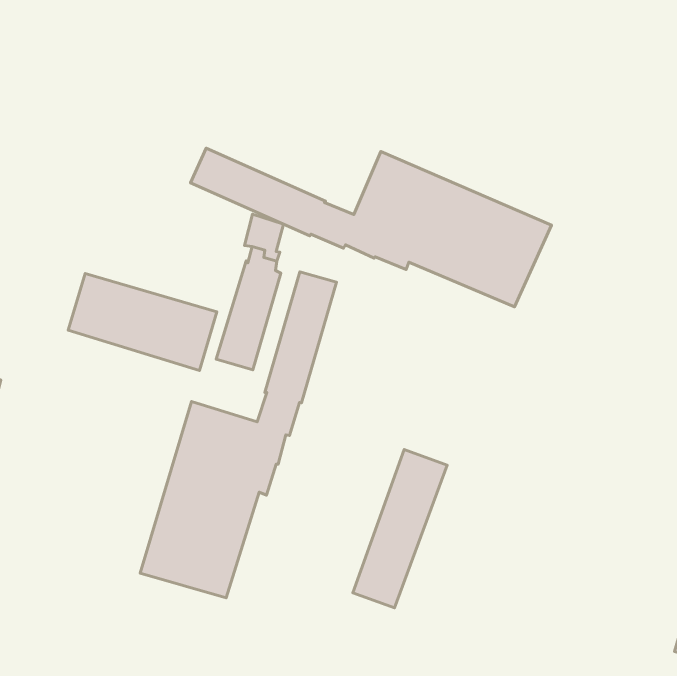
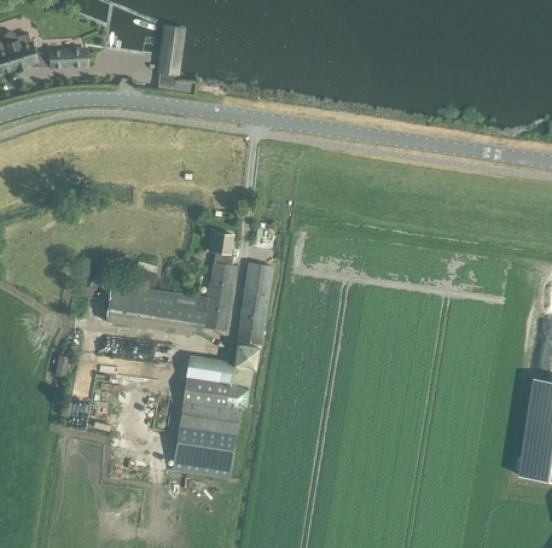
building: [191,148,551,307] -> none
building: [353,449,447,608] -> none

